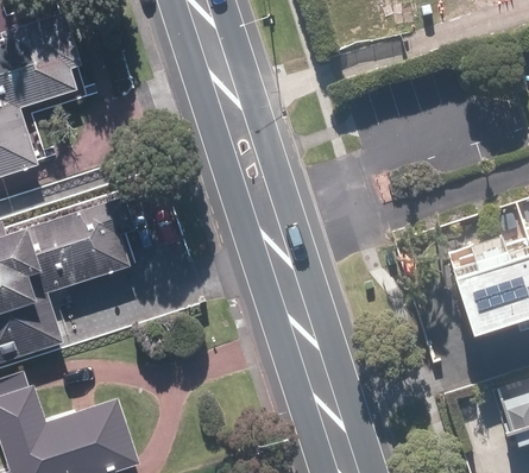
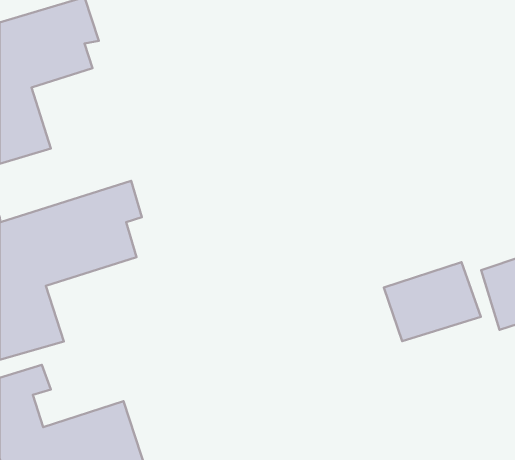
building: none -> [384,262,481,341]

